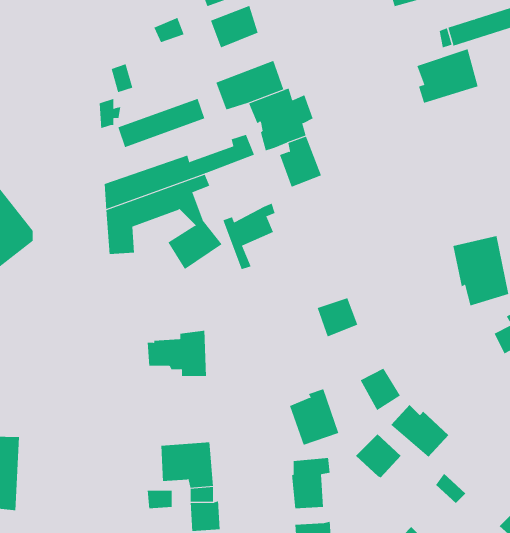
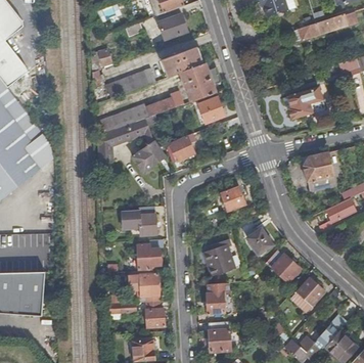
building: [417,49,478,104] -> [287,85,324,118]
building: none -> [137,245,161,269]
building: [355,433,401,478] -> [297,279,324,306]

